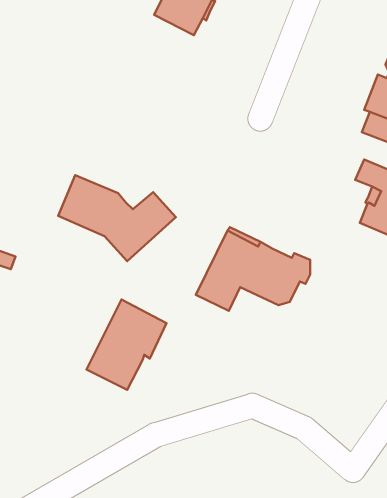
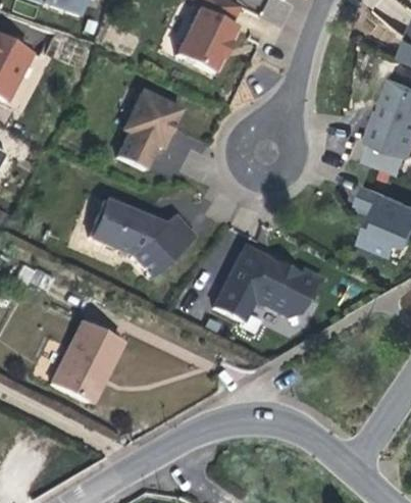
building: none -> [118,91,182,169]
building: [86,300,167,390] -> [51,319,123,401]

